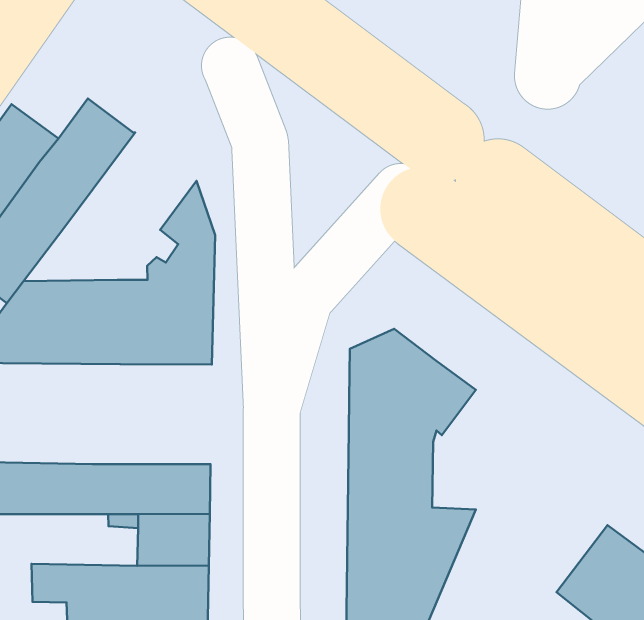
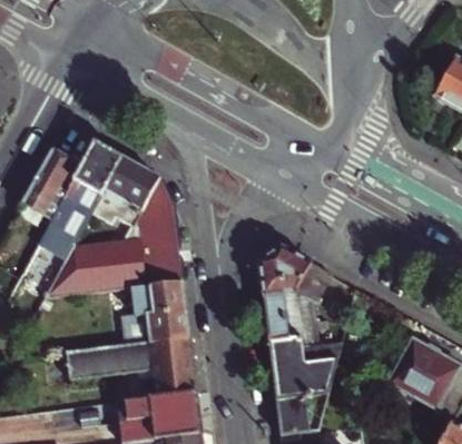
building: none -> [91,156,161,239]
building: none -> [124,279,190,344]

